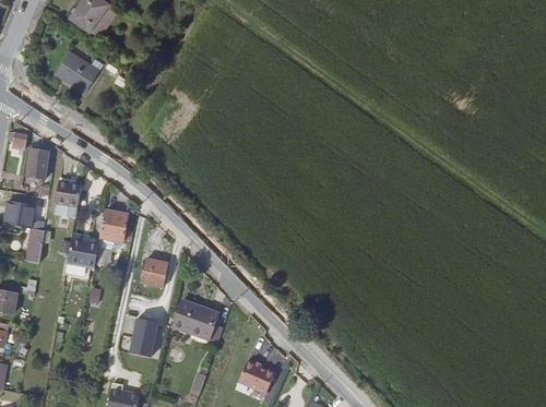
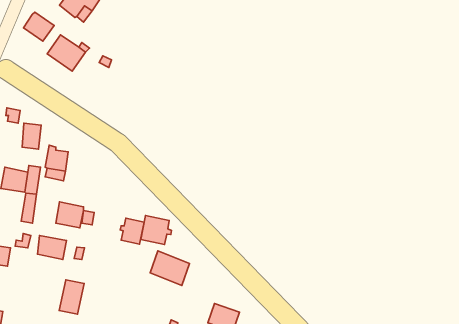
building: none -> [23,12,54,41]
building: [98,212,128,243] -> none
building: none -> [141,216,171,244]
building: none -> [37,236,67,259]
building: [129,320,157,359] -> [59,280,84,314]

